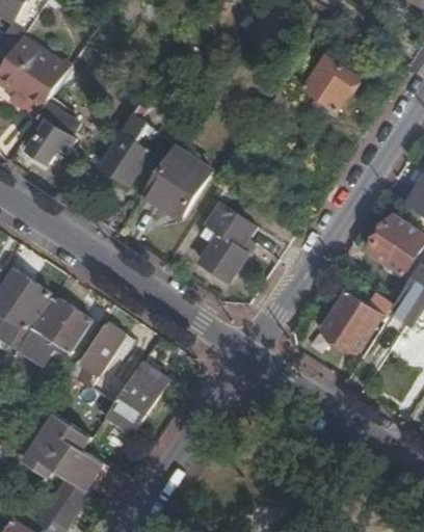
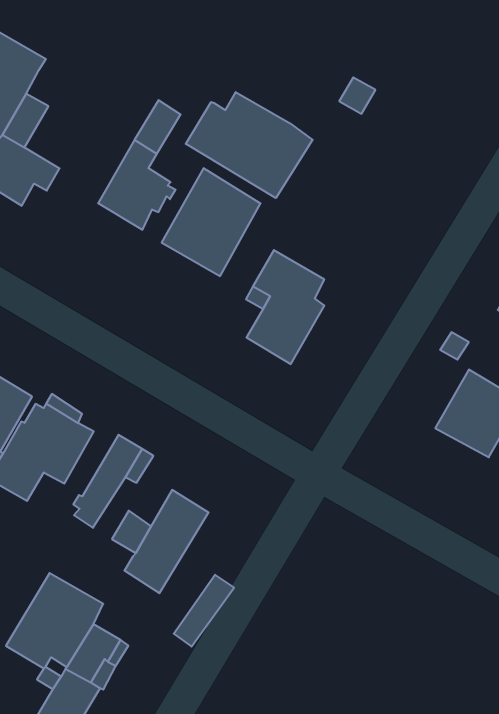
building: [303,56,357,109] -> none
building: none -> [186,92,313,198]

